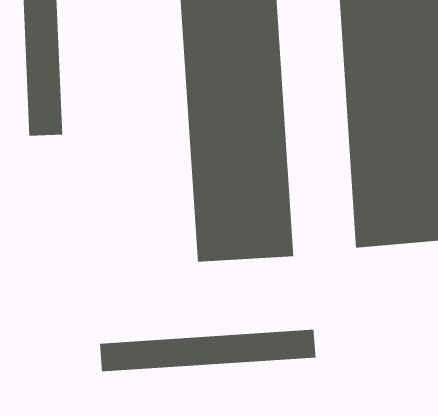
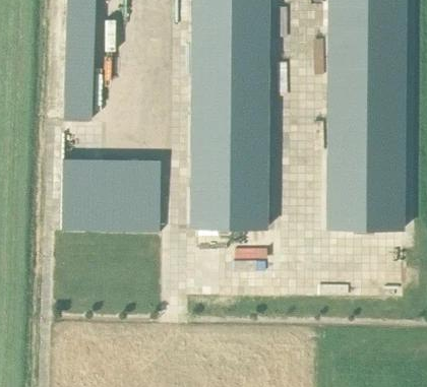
building: none -> [71,159,170,233]
building: [100,329,316,372] -> none

